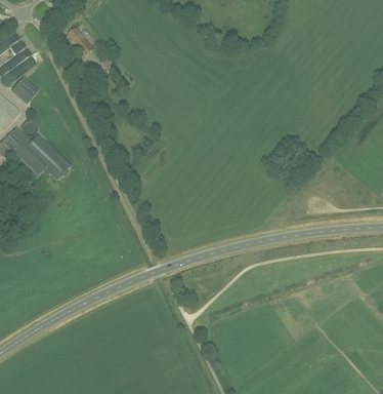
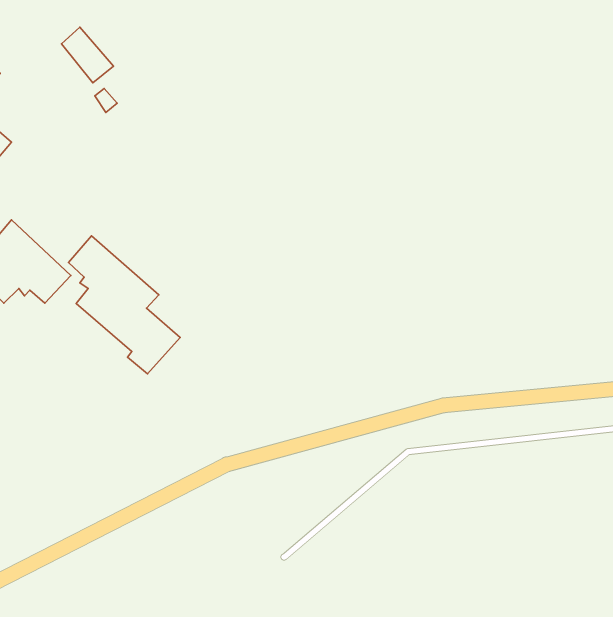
building: none -> [68,236,180,374]

